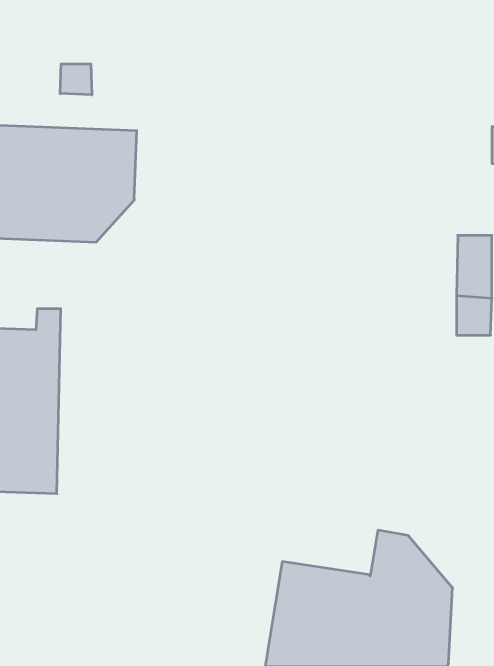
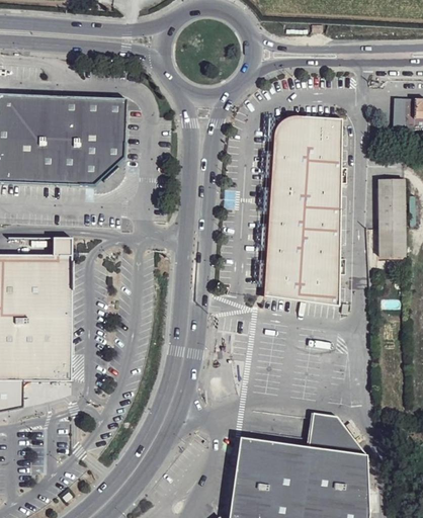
building: [60,64,92,95] -> none
building: none -> [262,115,340,306]

